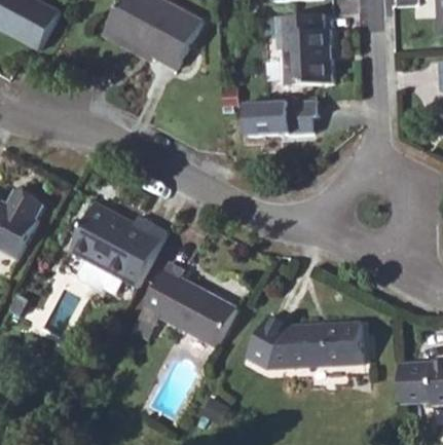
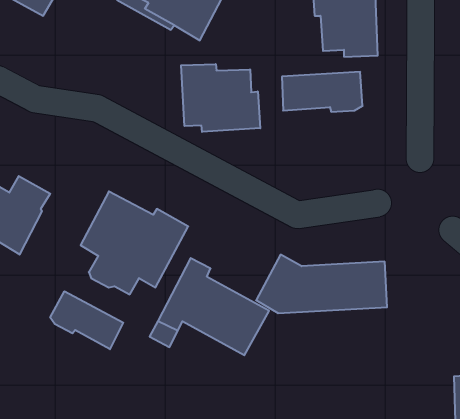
building: none -> [181,64,260,132]
building: none -> [50,291,123,349]
building: [247,318,362,369] -> [256,255,387,313]

